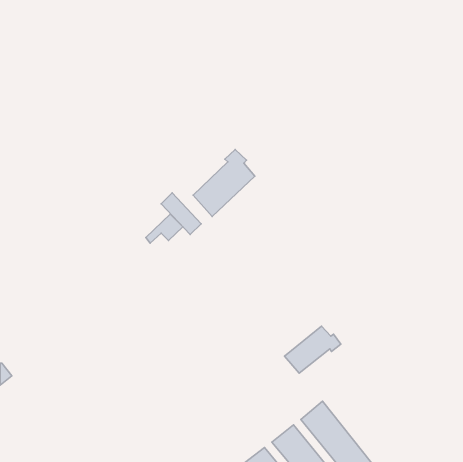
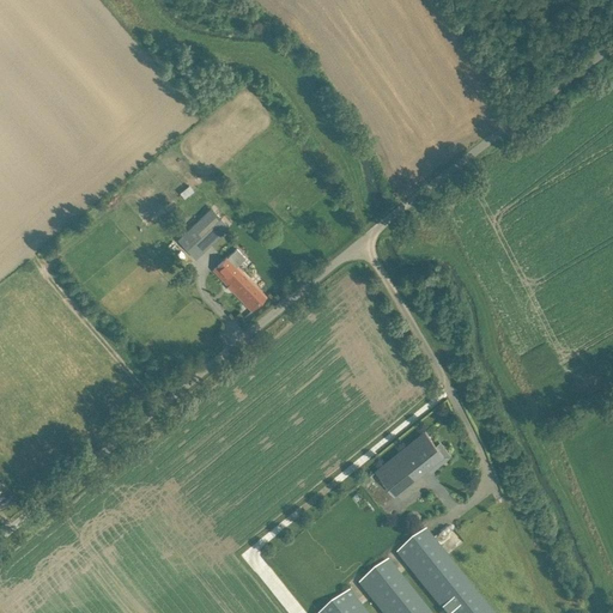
building: [193,149,255,216] -> none
building: [146,214,183,243] -> [178,208,227,247]

